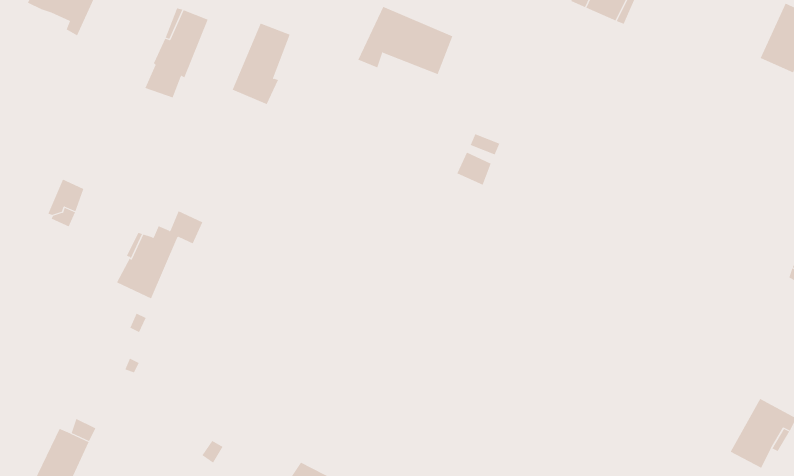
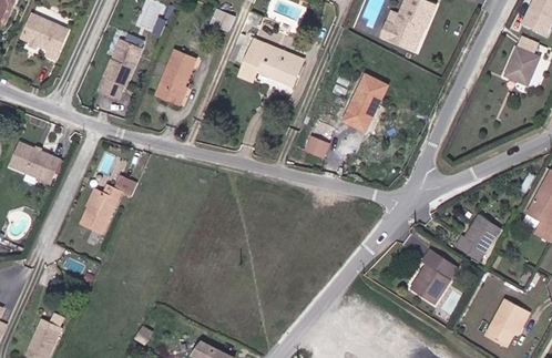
building: none -> [344,74,388,130]
building: none -> [10,142,44,176]
building: none -> [458,215,499,257]
building: none -> [410,248,459,304]

